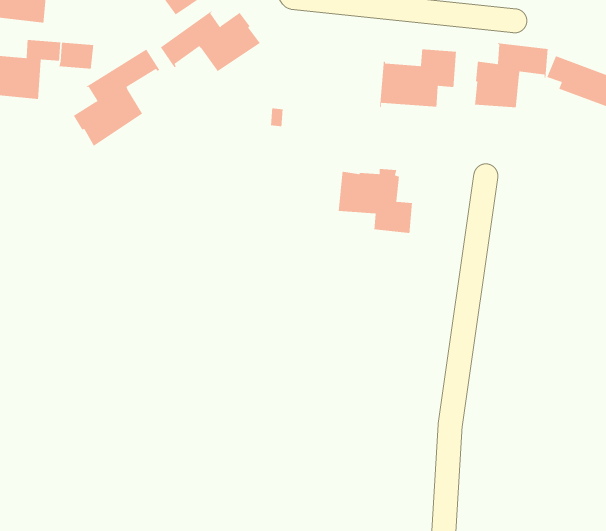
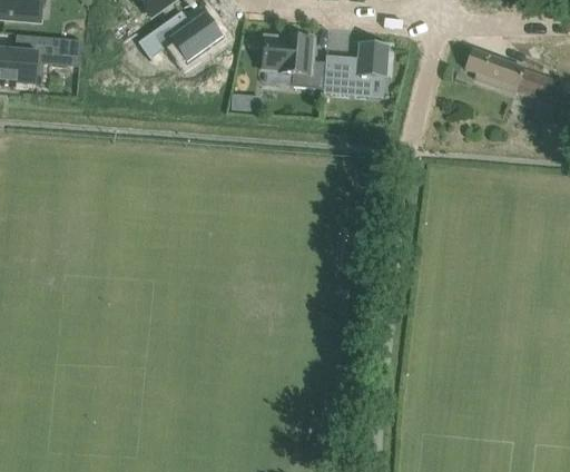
building: [474,42,549,108] -> none
building: [73,49,160,147] -> none
building: [338,168,413,234] -> [262,32,325,88]

